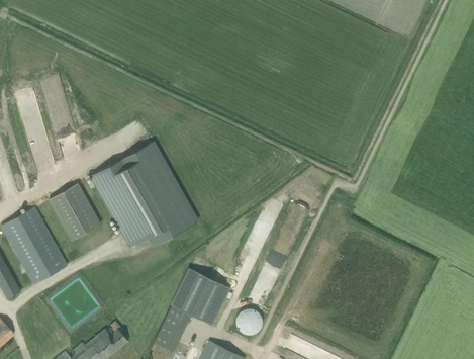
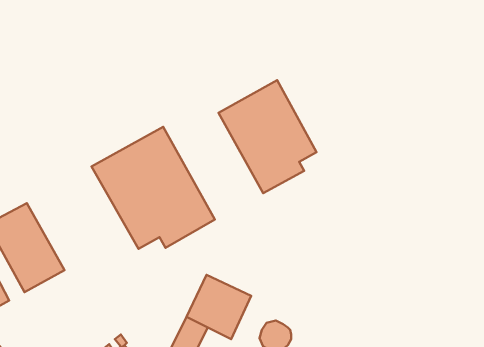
building: none -> [219,80,317,193]
building: [50,184,100,241] -> none

